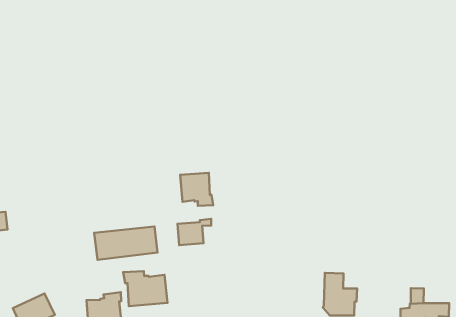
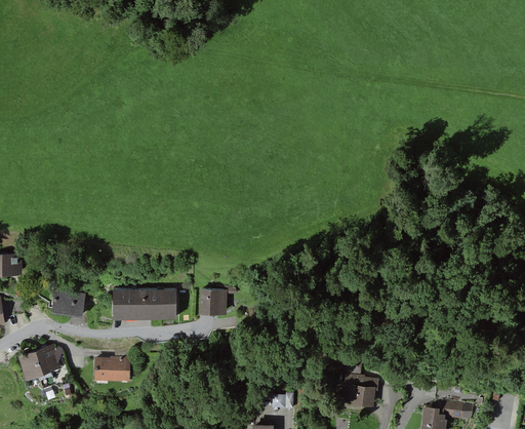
building: [180,173,213,206] -> none
building: none -> [47,284,85,318]
building: [123,271,167,306] -> none

